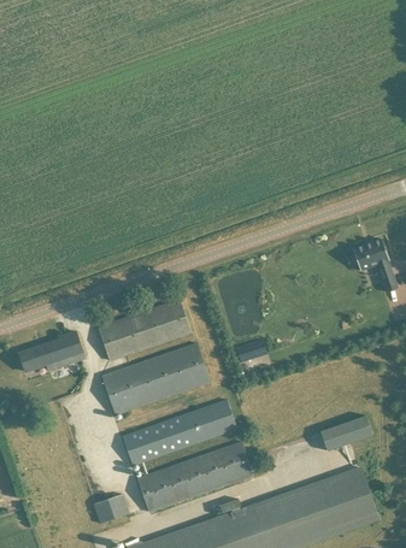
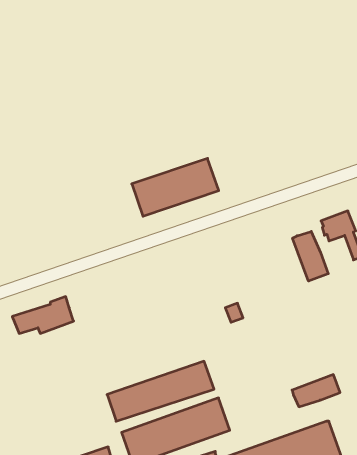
building: none -> [293,231,328,281]
building: [99,297,193,360] -> [132,158,219,216]
building: [100,341,211,414] -> none

